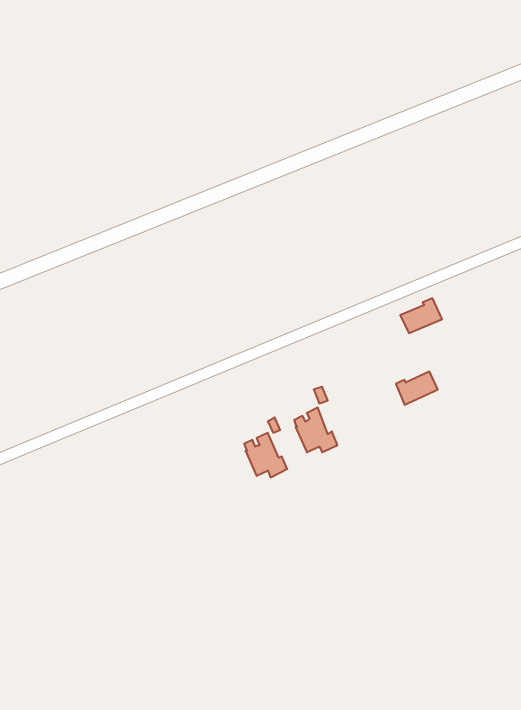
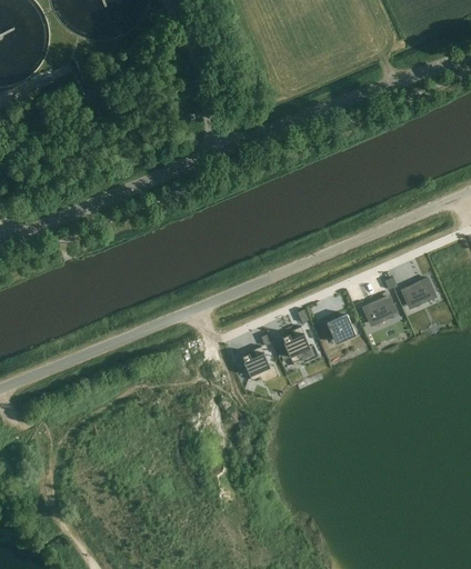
building: [400,298,442,333] -> [401,278,434,306]
building: none -> [323,316,353,341]

